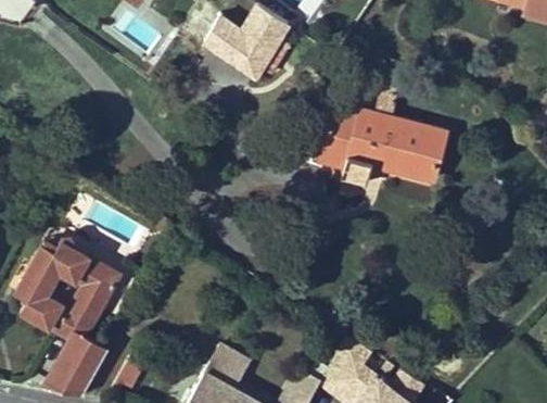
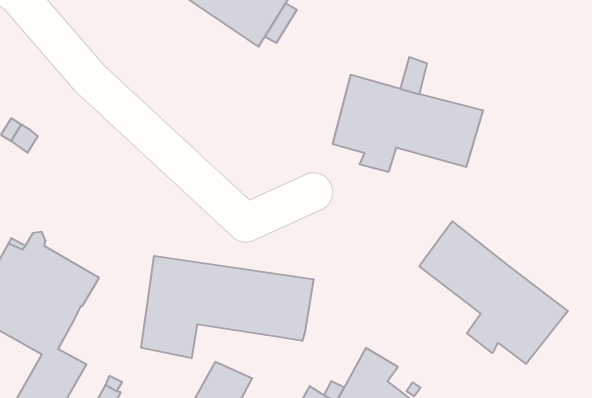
building: none -> [419,221,568,364]
building: none -> [141,256,313,358]

